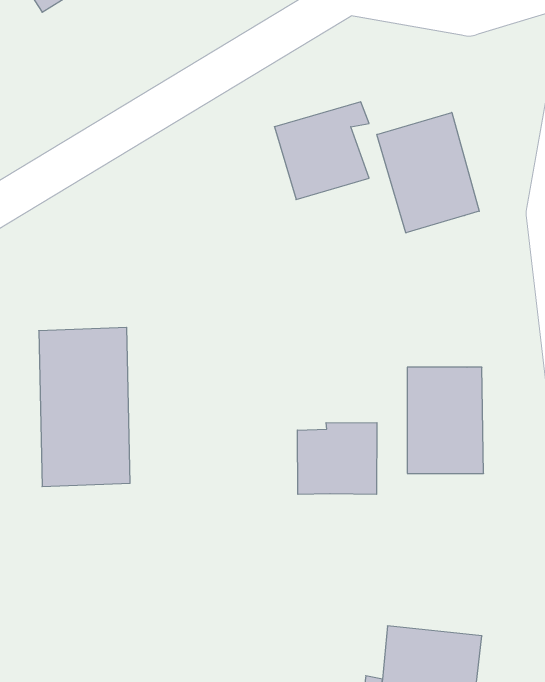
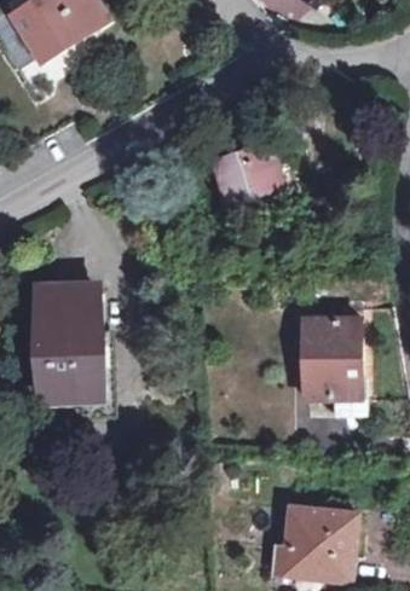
building: [377,112,479,233] -> none
building: [297,423,377,494] -> none

